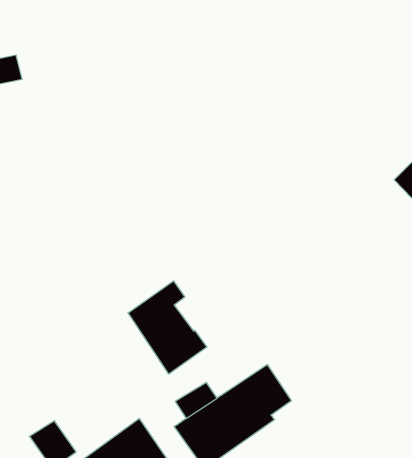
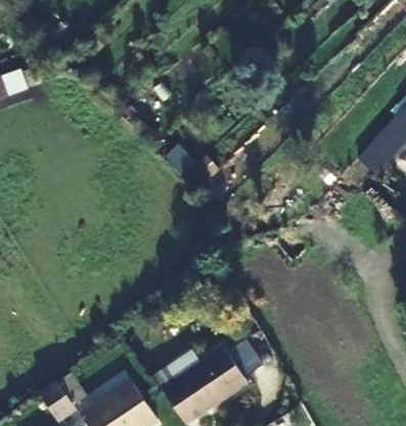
building: [128,281,207,374] -> none

